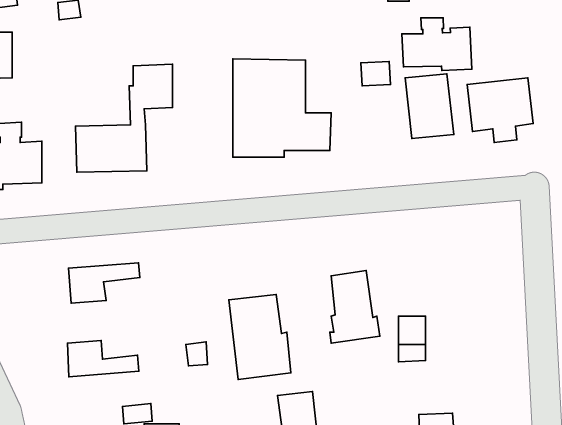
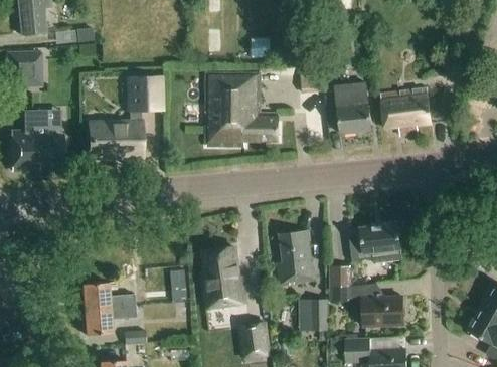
building: [402,18,472,71] -> none
building: none -> [349,222,401,262]
building: [68,263,140,303] -> [84,305,137,335]
building: none -> [362,294,403,324]
building: none -> [311,299,329,330]

